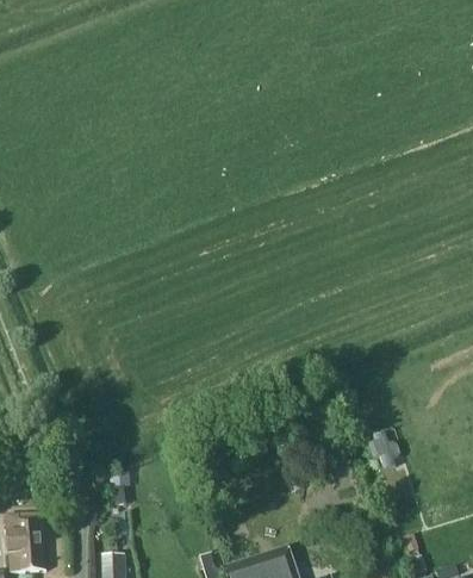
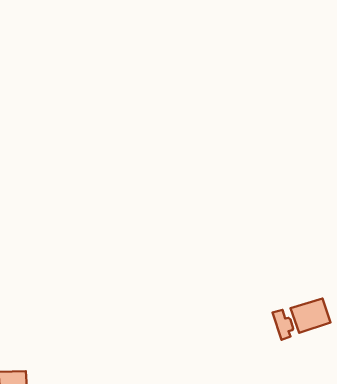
building: none -> [290,299,330,333]

